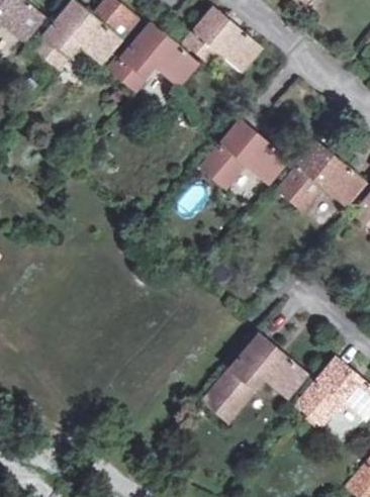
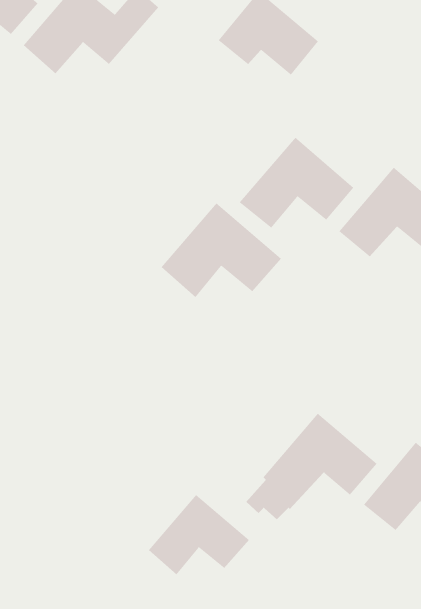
building: [108,23,198,94] -> none
building: none -> [161,203,282,298]
building: none -> [148,494,250,575]

